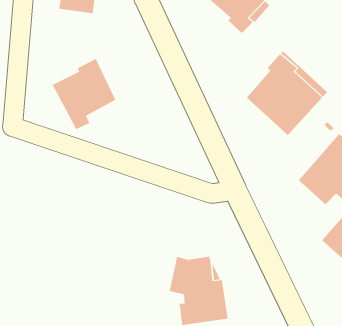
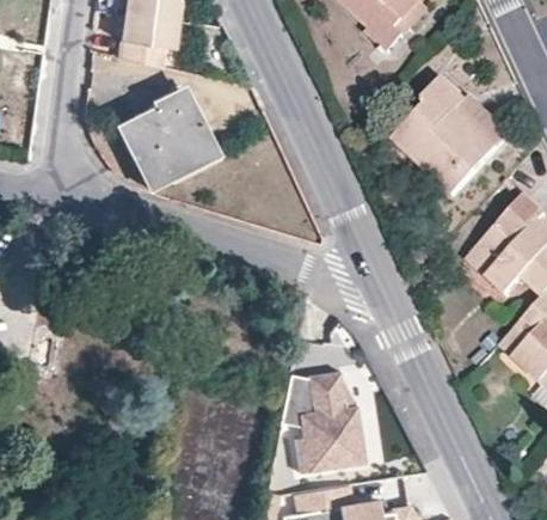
building: none -> [119,17,174,68]
building: none -> [165,85,221,185]

